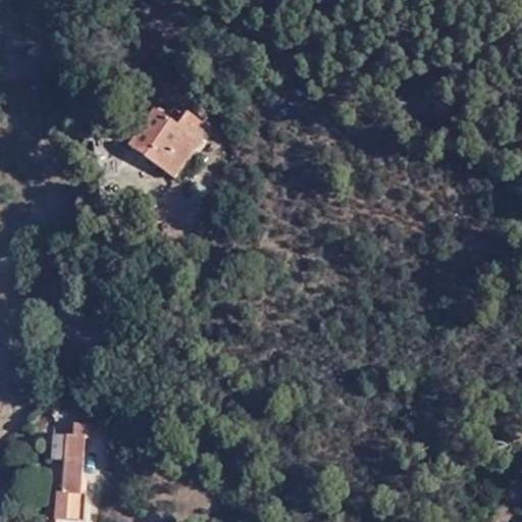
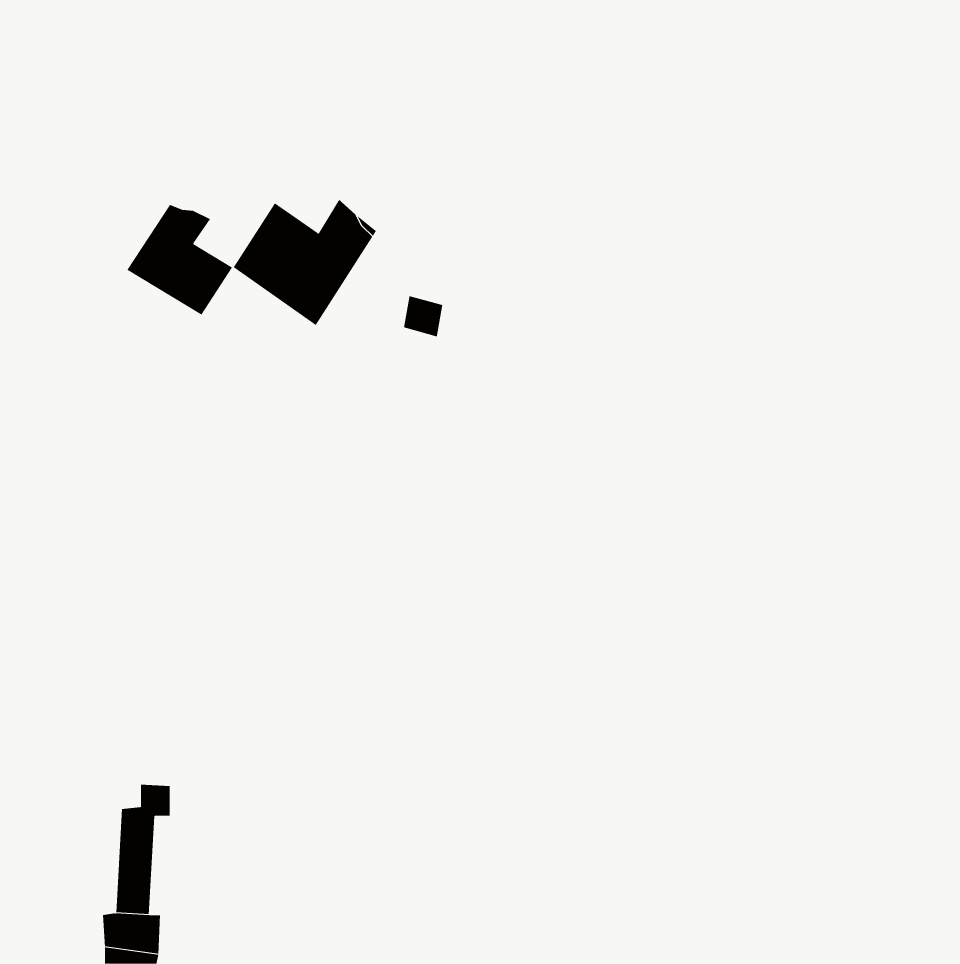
building: none -> [126,204,233,315]

